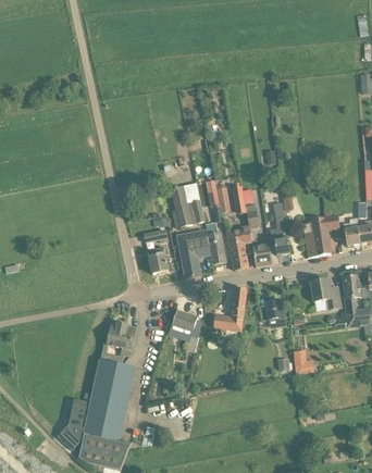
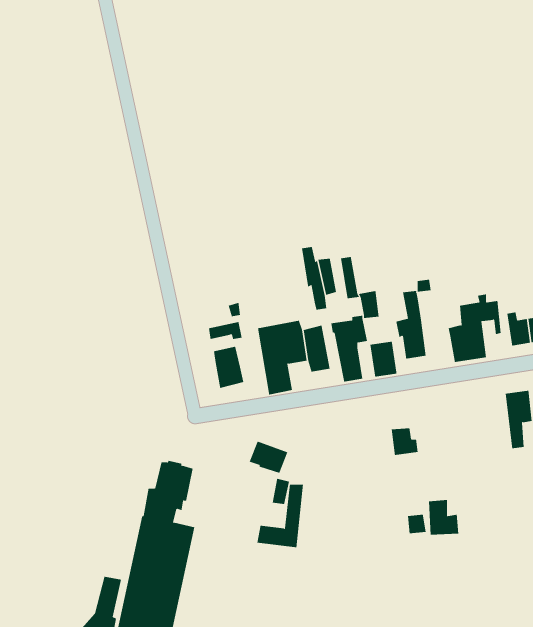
building: [171,183,204,227] -> none
building: [311,279,340,310] -> none
building: [214,288,246,331] -> [256,484,304,548]

